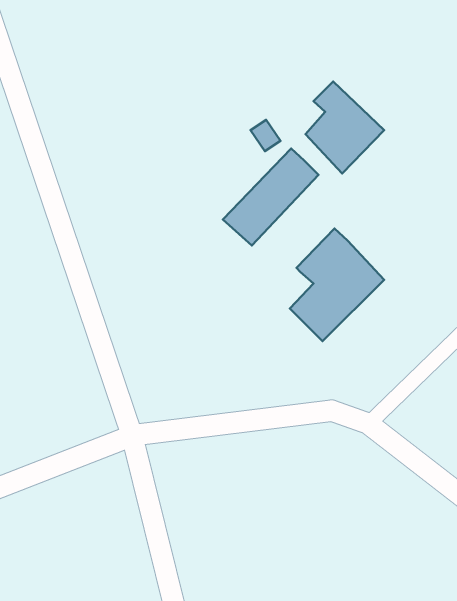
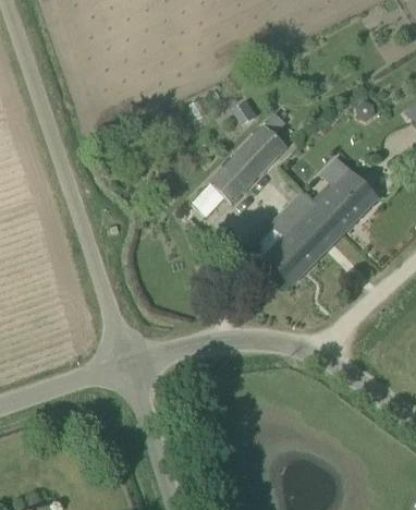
building: [306,82,384,173] -> [313,157,378,233]

